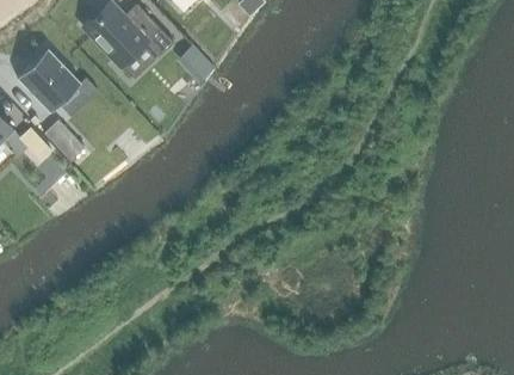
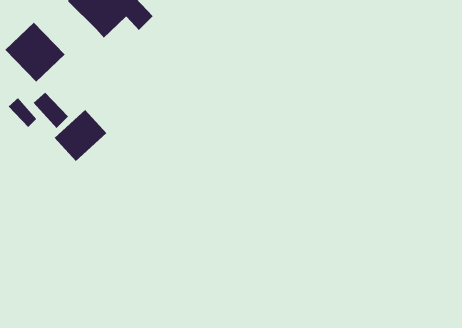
building: none -> [54,109,107,162]

